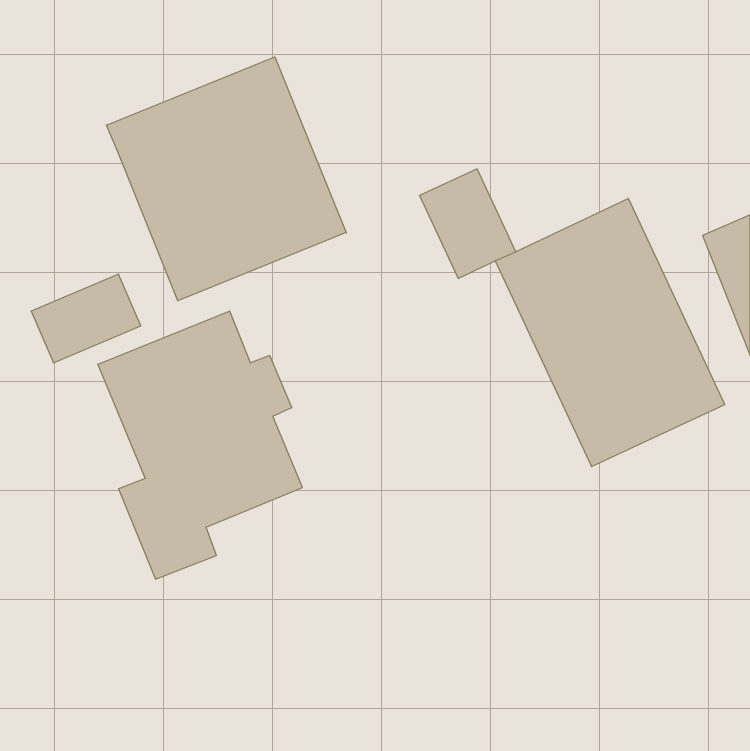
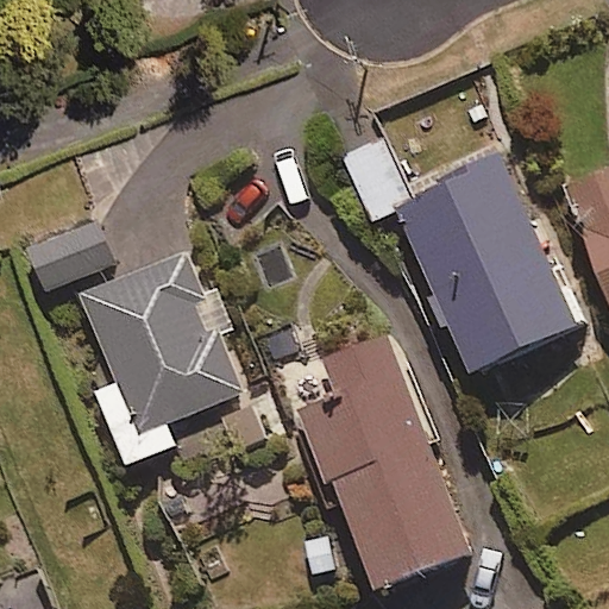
building: [106,57,346,301] -> none
building: none -> [294,333,470,594]

